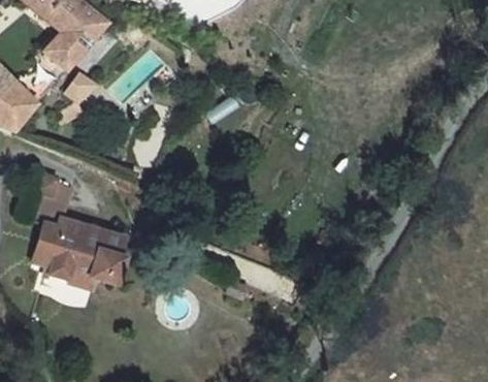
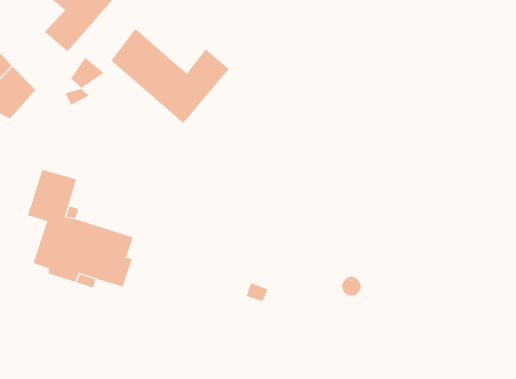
building: none -> [110,28,230,124]

